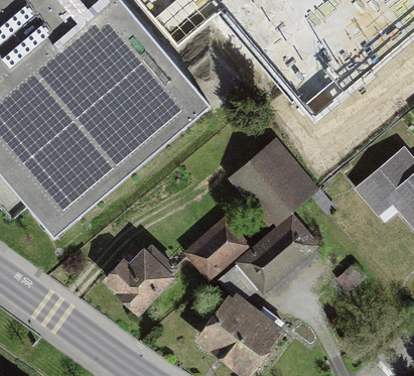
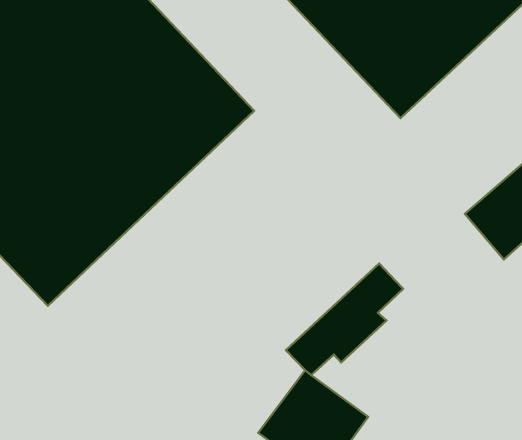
building: [236,153,305,225] -> none
building: [188,224,244,277] -> none
building: [107,244,175,312] -> none

